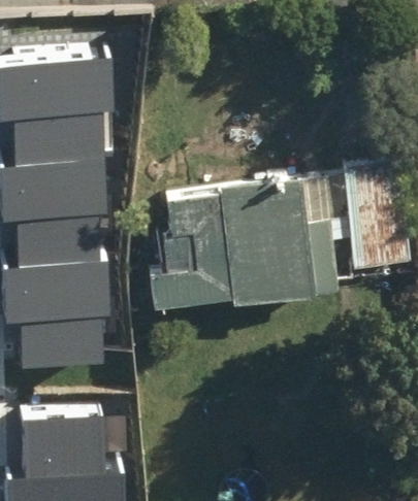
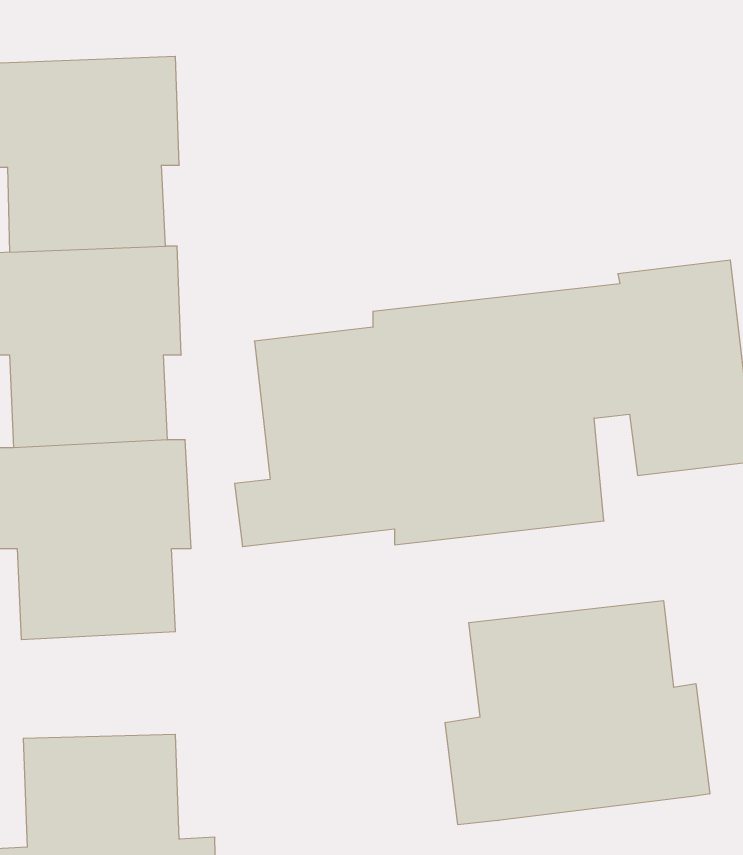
building: none -> [445,601,710,825]

